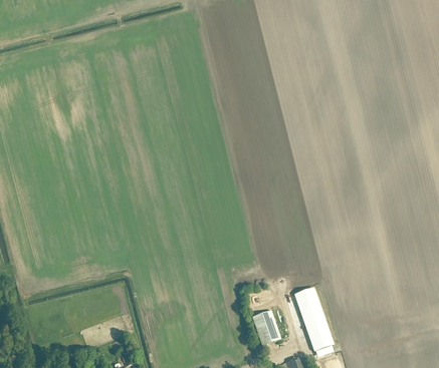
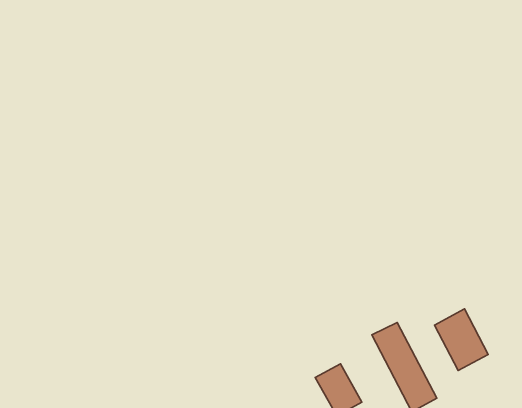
building: none -> [434,309,488,371]

